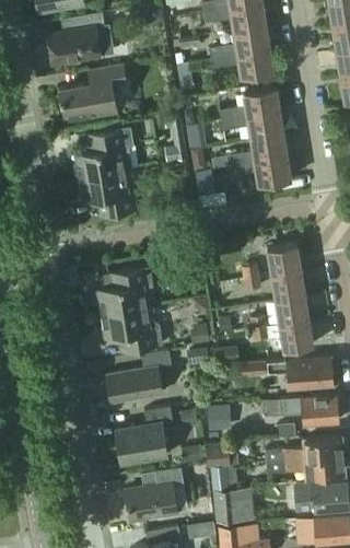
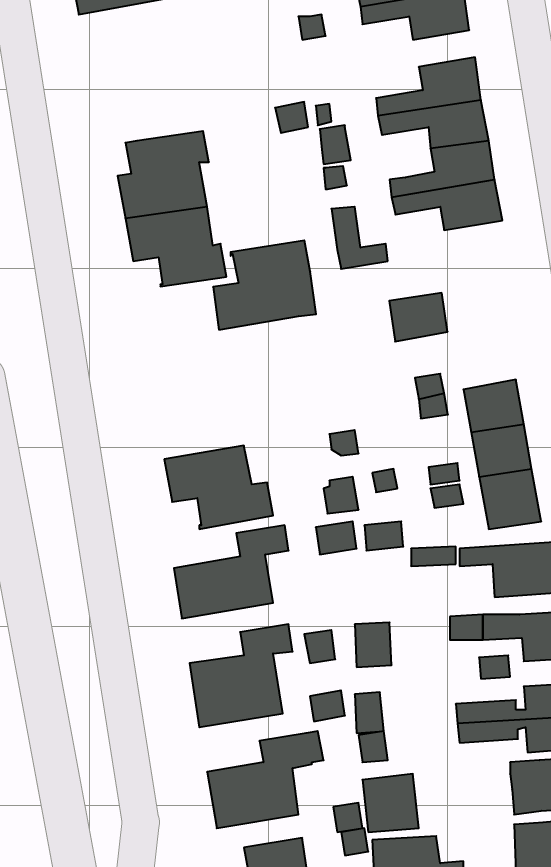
building: [59,65,126,118] -> none
building: [266,246,299,273] -> [389,293,448,342]
building: [97,263,155,313] -> [213,240,316,330]

